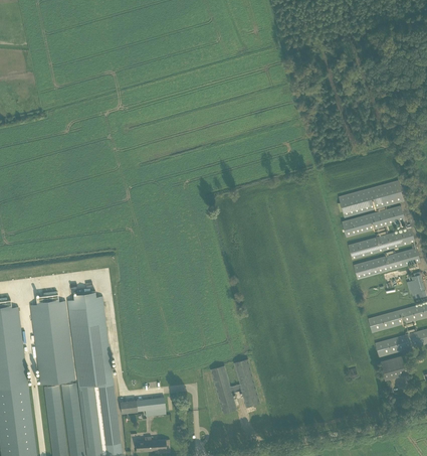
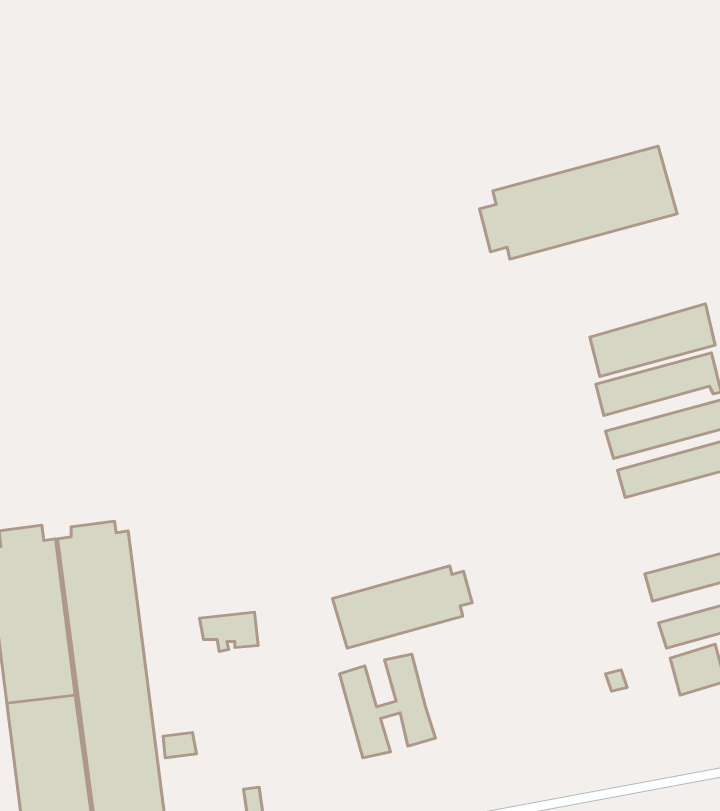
building: none -> [479,146,677,259]
building: none -> [333,566,472,648]
building: [135,397,165,417] -> [200,612,258,651]

